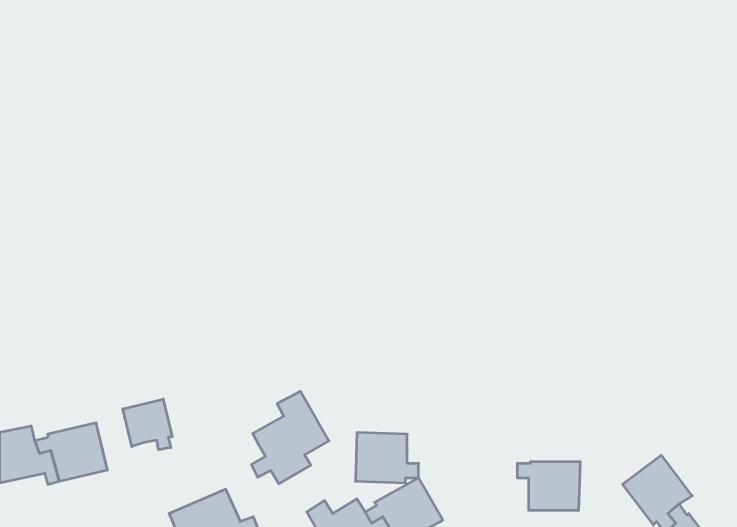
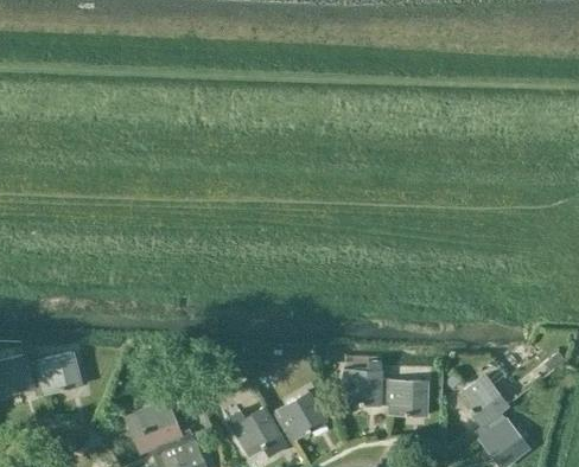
building: [251,391,329,484] -> none
building: [123,399,172,450] -> none
building: [355,433,419,483] -> [343,369,389,405]

